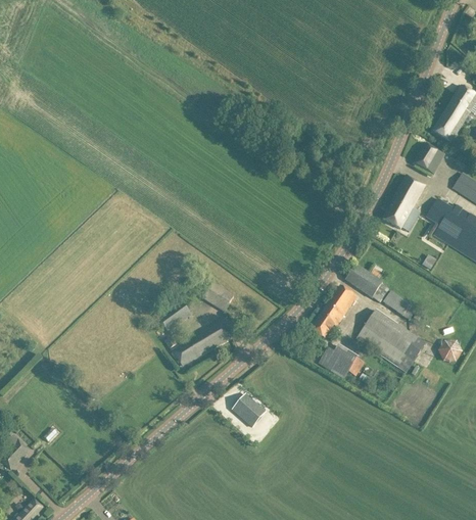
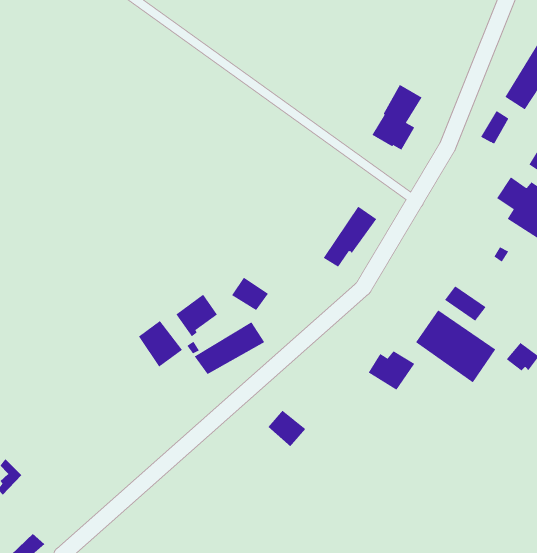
building: [383,176,426,232] -> [372,84,422,151]
building: [345,265,382,298] -> none
building: [311,286,356,338] -> [323,206,377,267]
building: none -> [138,320,183,367]

